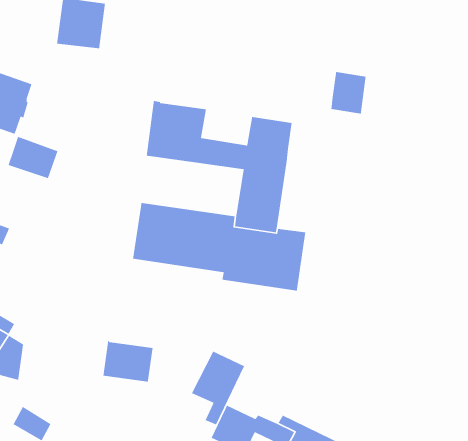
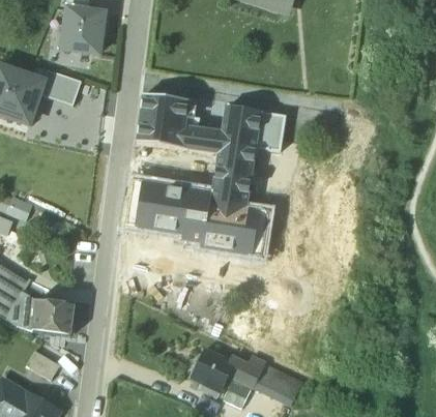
building: [330,71,367,115] -> [256,113,286,149]
building: [7,136,58,179] -> [39,68,82,105]
building: [102,340,153,382] -> [32,298,75,333]
building: [191,350,245,426] -> none

